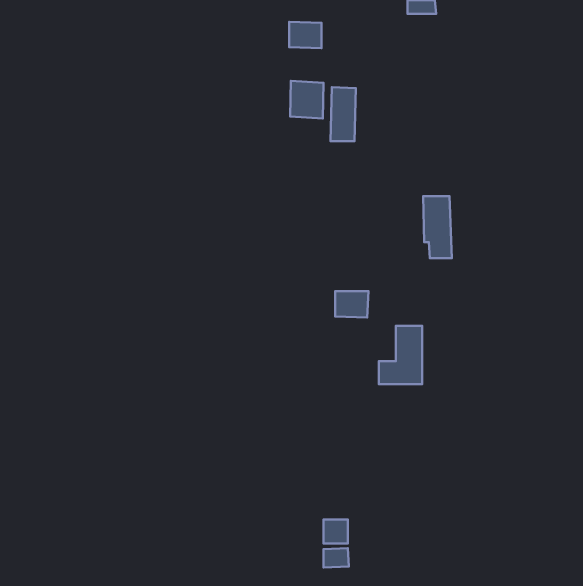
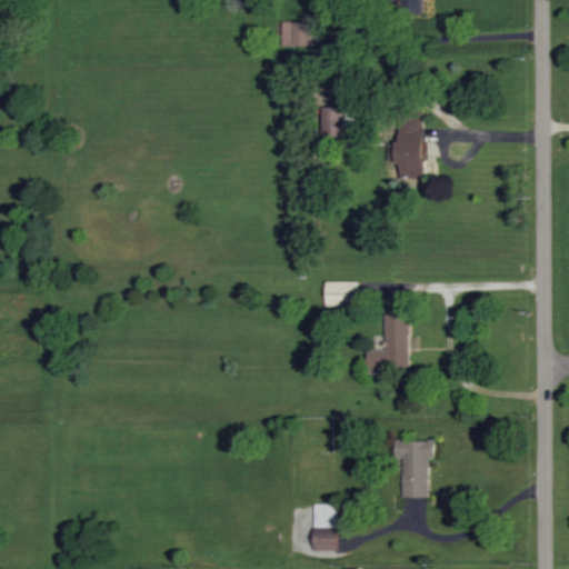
building: [290,81,324,118] -> none
building: [423,196,452,258] -> [396,119,423,179]
building: none -> [393,442,433,497]

